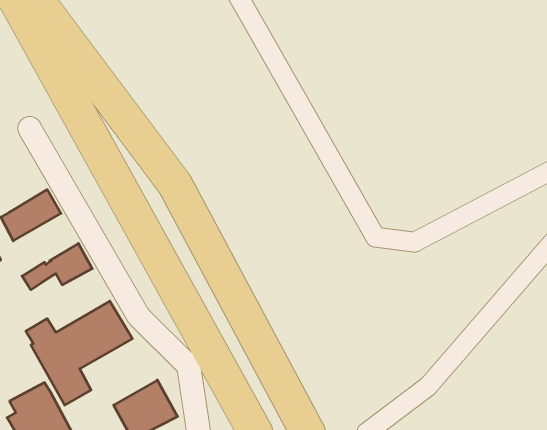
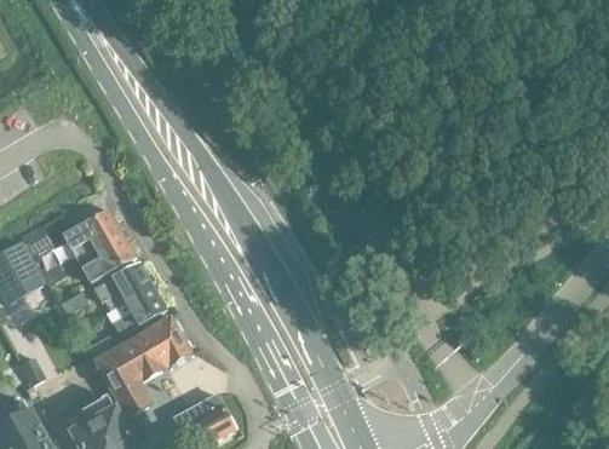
building: none -> [76,231,136,281]
building: none -> [121,284,166,329]

